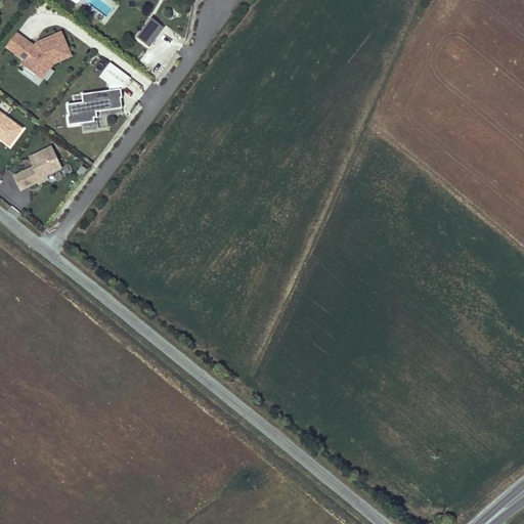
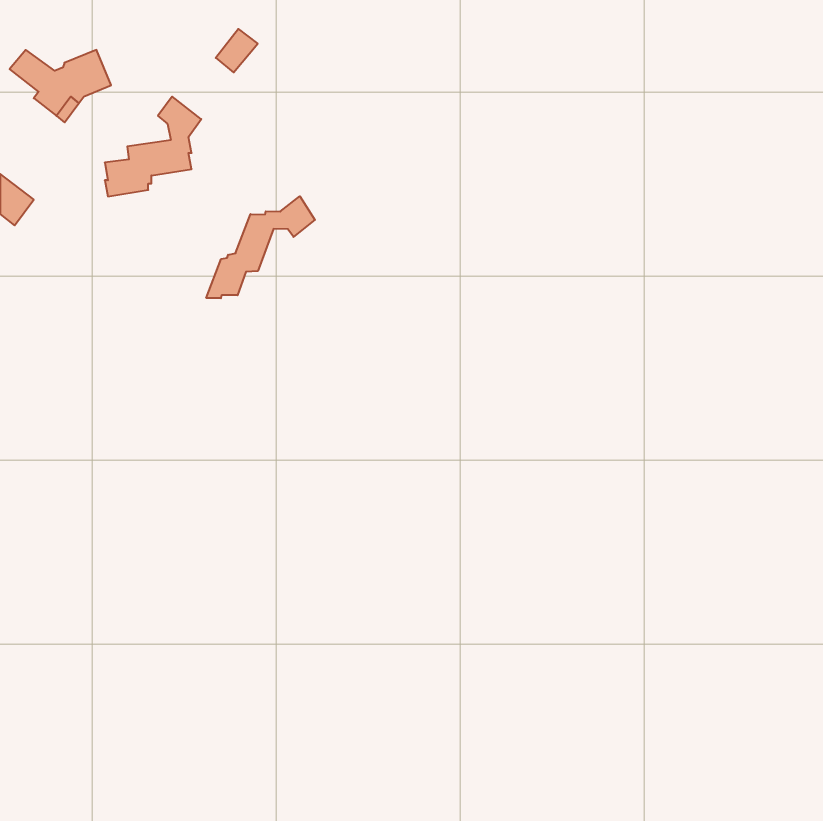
building: none -> [206,196,315,298]
building: [12,145,60,188] -> none

